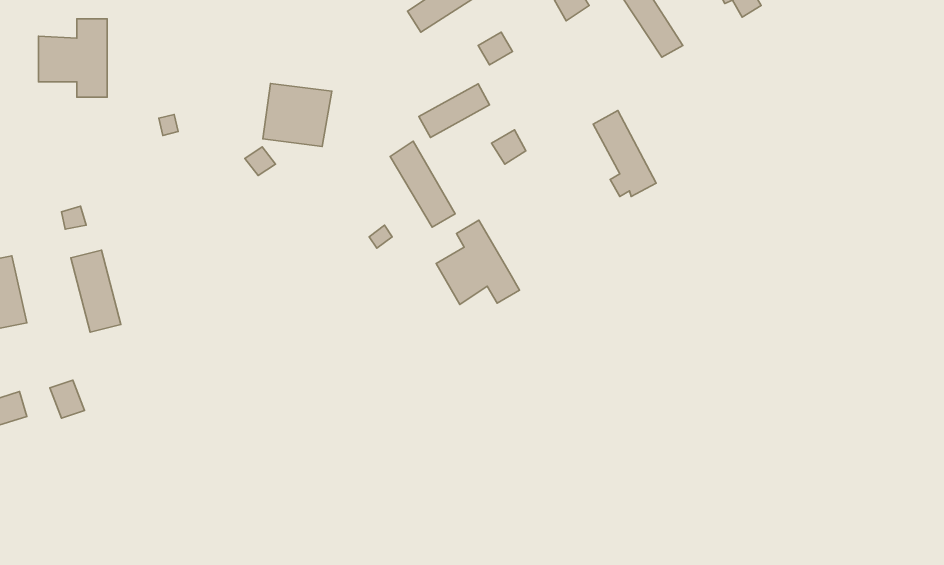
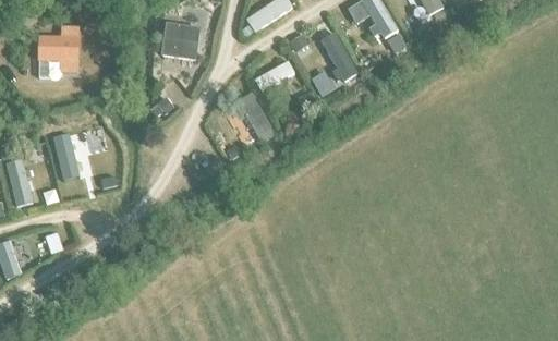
building: [263,83,332,147] -> [158,21,197,57]
building: [593,111,656,197] -> [322,33,357,82]
building: [436,220,520,304] -> none

